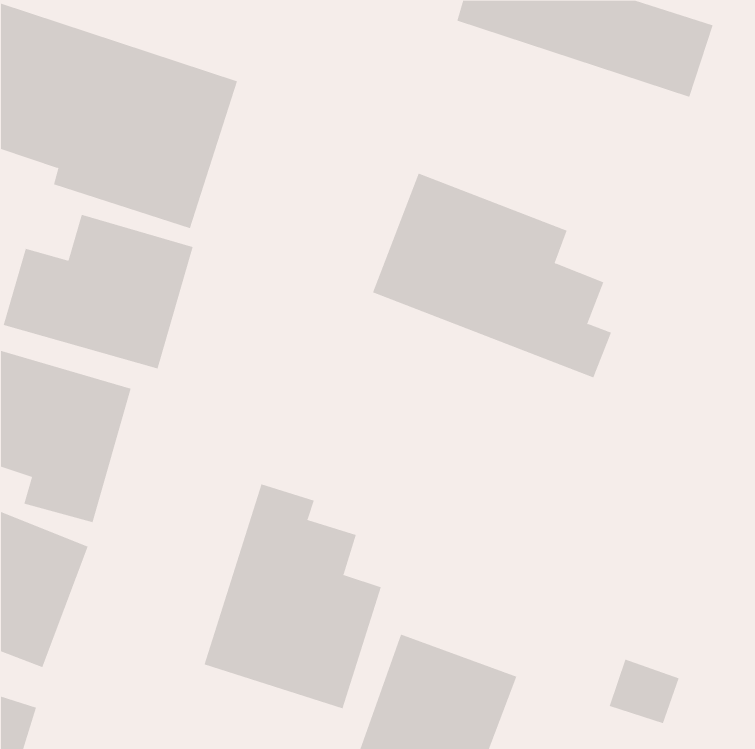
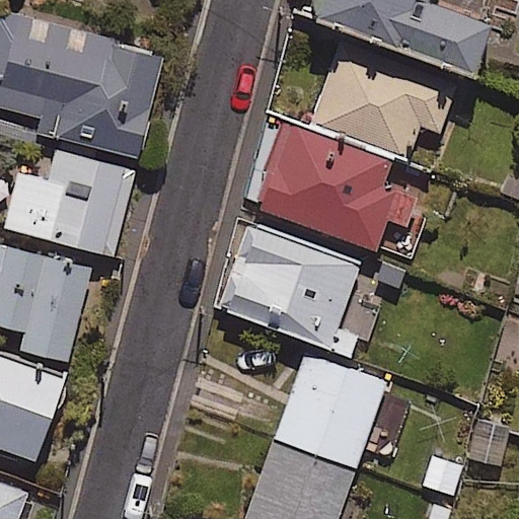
building: none -> [310,46,453,160]
building: none -> [219,224,358,353]
building: [204,483,382,709] -> none
building: none -> [275,355,384,468]

